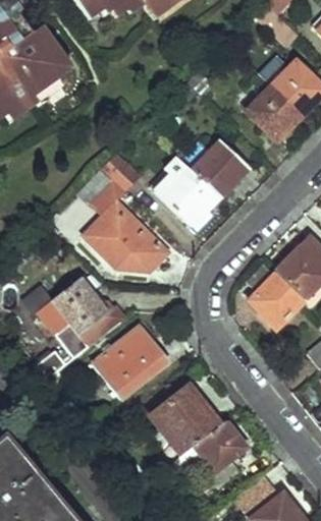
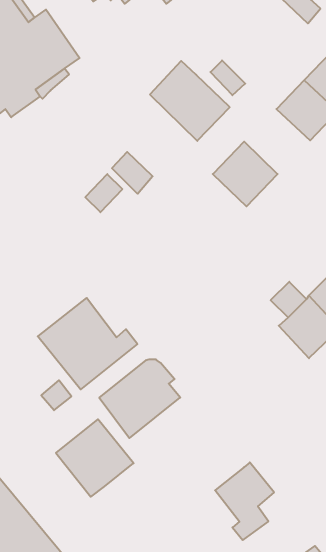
building: [150,156,220,226] -> [150,61,230,141]
building: [84,202,166,272] -> none
building: [150,387,218,455] -> [56,419,134,497]

